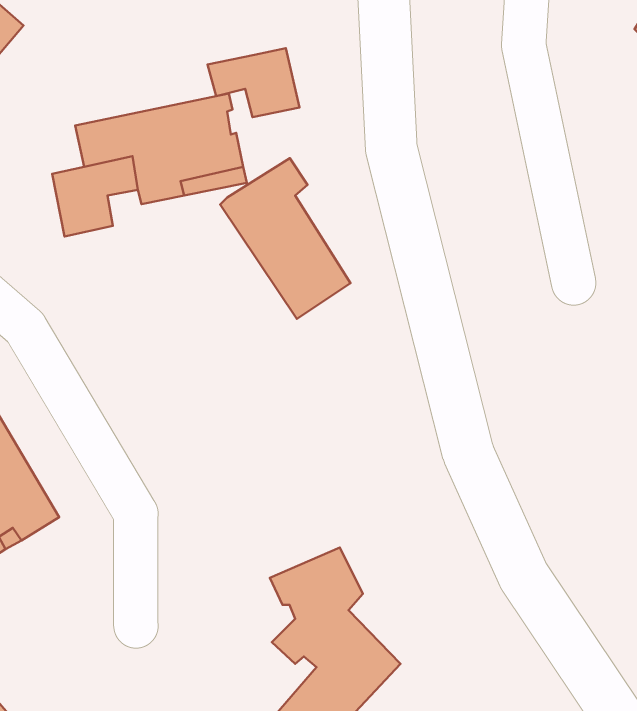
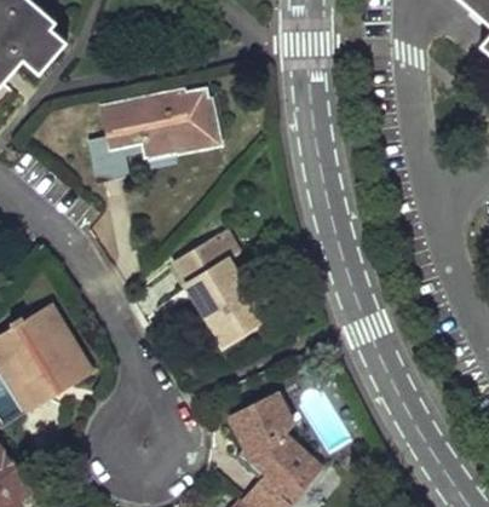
building: [208,48,300,117] -> none
building: [220,158,350,319] -> [176,230,264,339]

